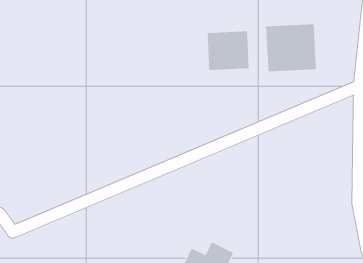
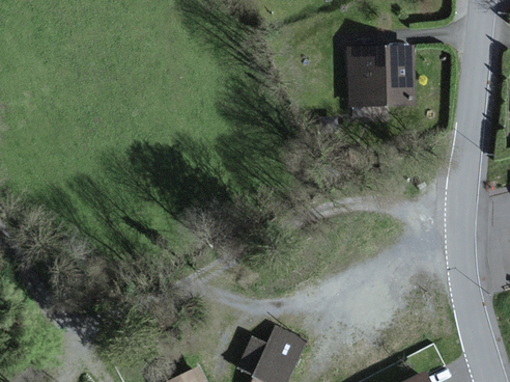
building: [207,30,249,71] -> none

